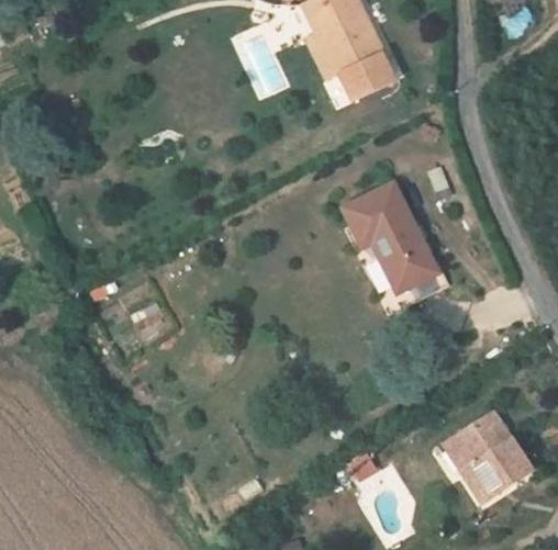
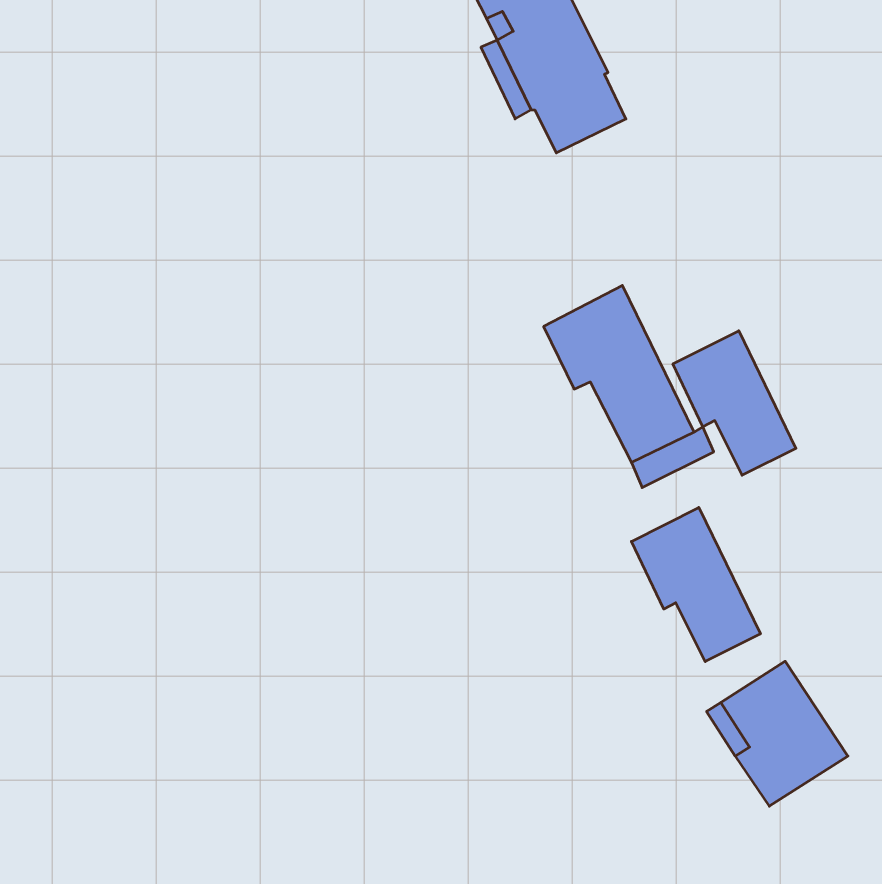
building: none -> [673,331,796,475]
building: none -> [631,507,760,662]

